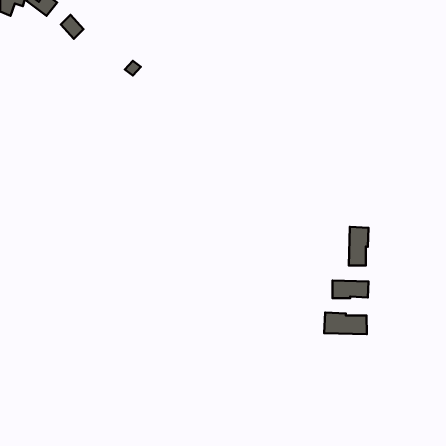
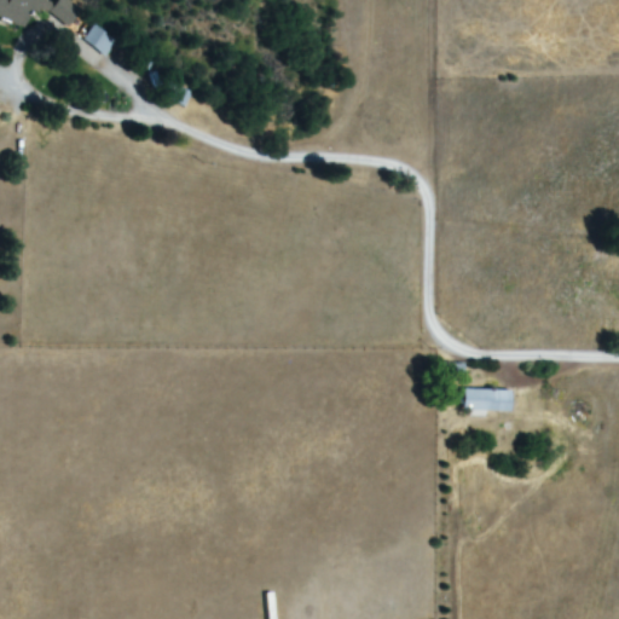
building: [349,227,369,266] -> none
building: [324,312,367,334] -> none

